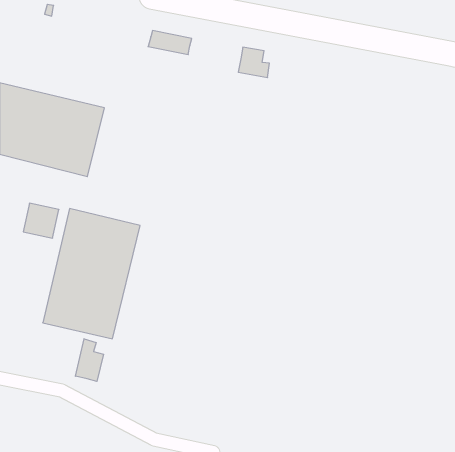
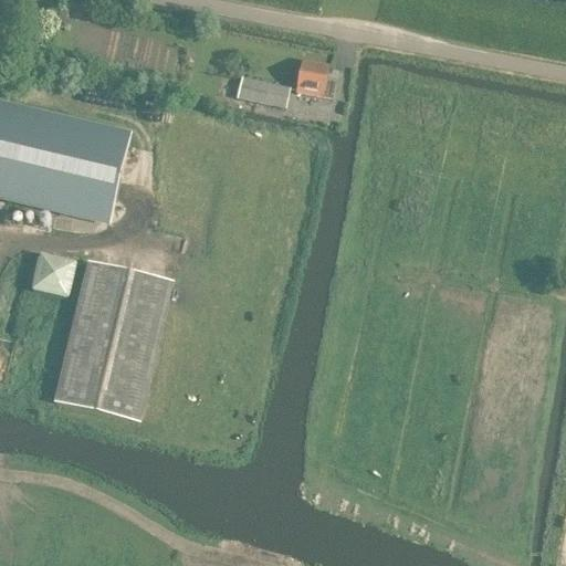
building: [148,31,192,55] -> [235,75,290,105]
building: [75,339,104,381] -> none

